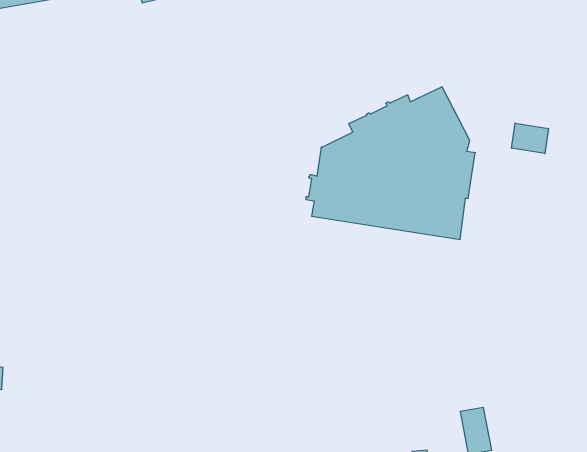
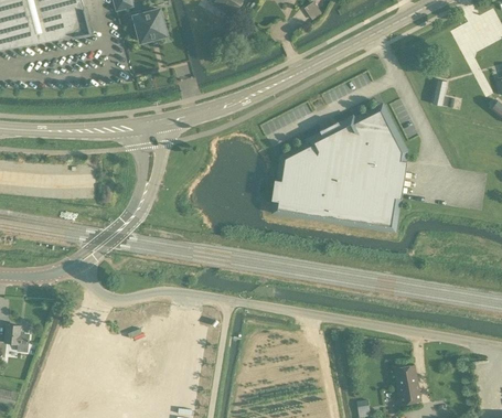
building: [511,123,548,154] -> none

